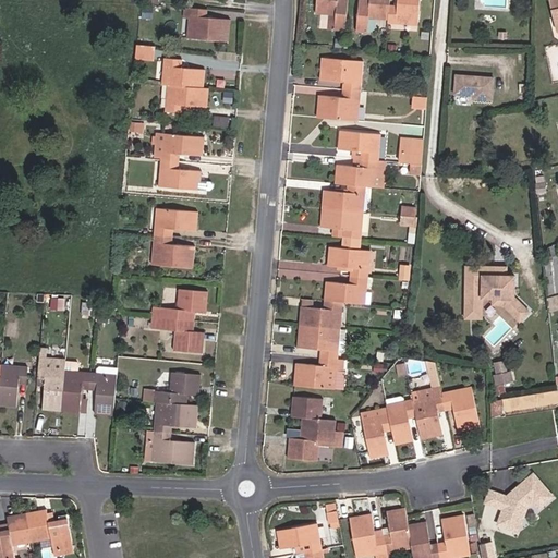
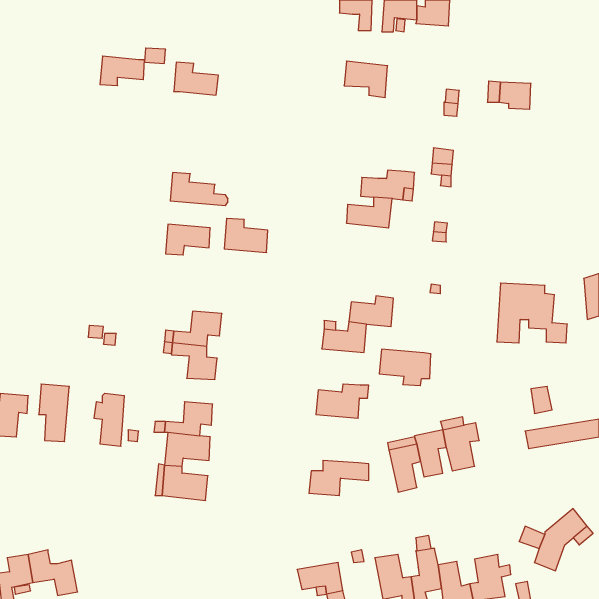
building: [187,9,228,43] -> none
building: [165,86,206,113] -> [100,56,145,86]
building: [316,89,357,121] -> none
building: [337,131,378,160] -> none
building: [160,134,202,162] -> none
building: [319,208,361,239] -> none
building: [151,236,192,268] -> [224,218,268,252]
building: [327,247,367,278] -> none
building: [296,325,344,359] -> [379,349,431,386]
building: [60,361,89,412] -> none
building: [441,388,477,430] -> none
building: [291,397,333,430] -> none

